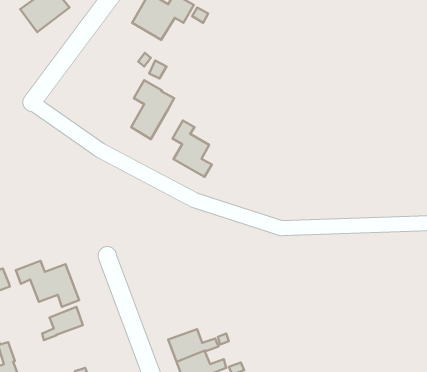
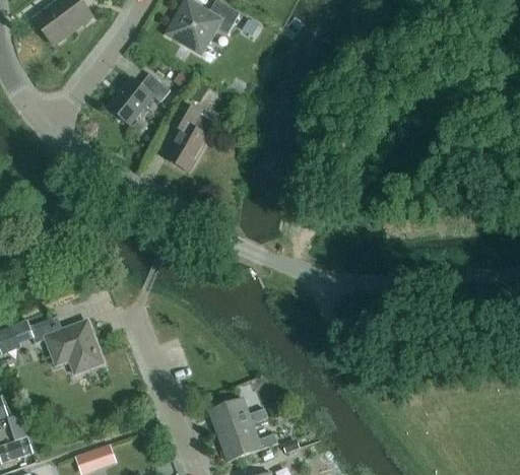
building: none -> [107,73,170,125]
building: [173,120,212,177] -> none
building: [42,307,83,340] -> none

